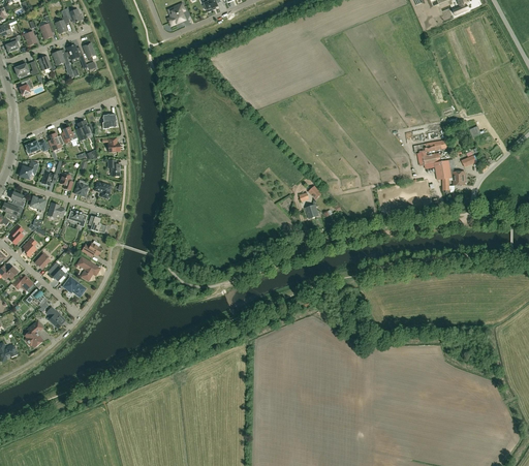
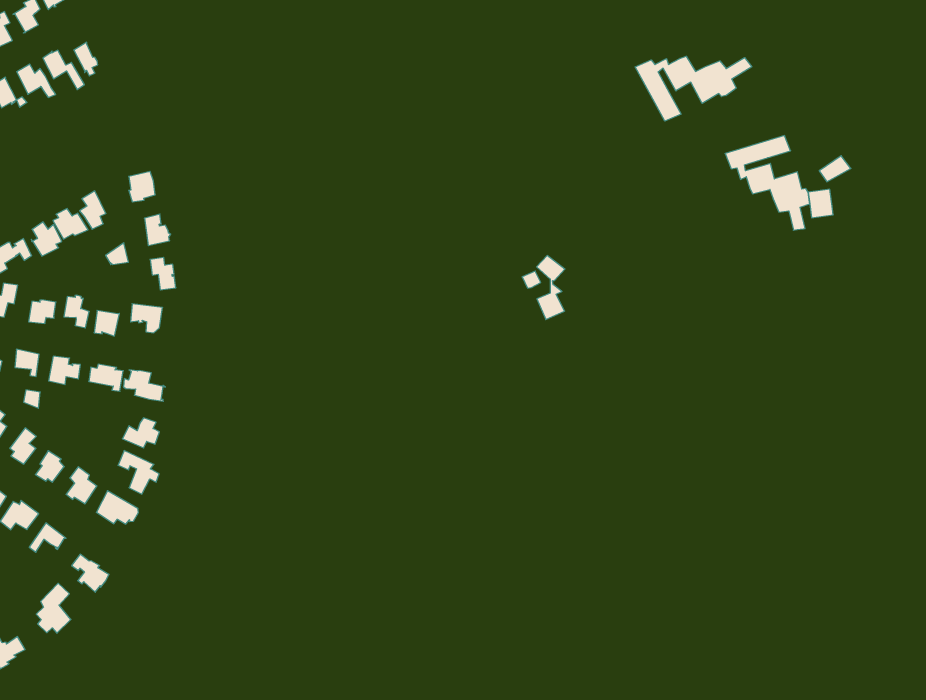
building: none -> [635,56,752,121]

